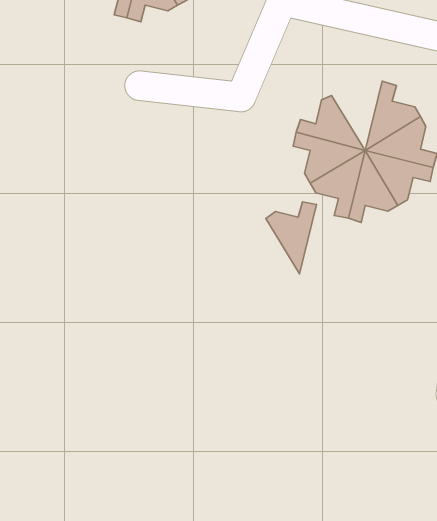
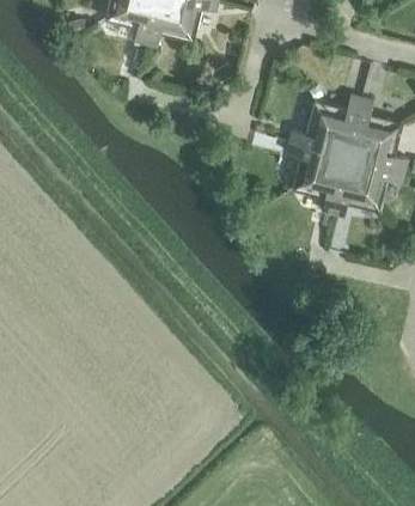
building: [266,202,317,274] -> [318,92,361,153]

